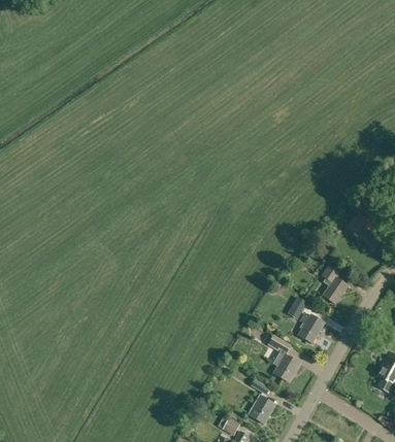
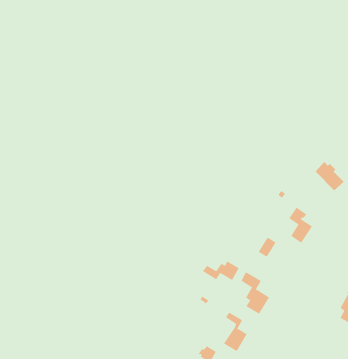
building: [297,313,324,343] -> none
building: none -> [202,260,240,281]

